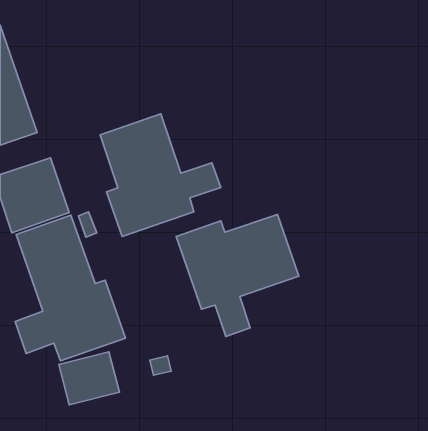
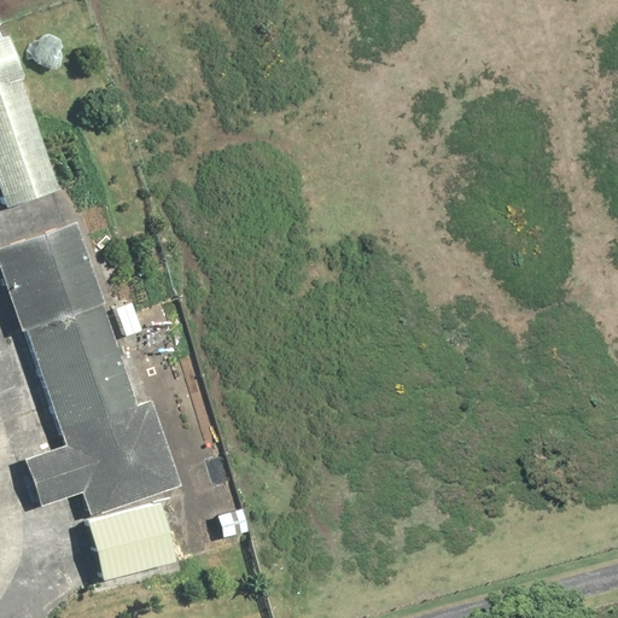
building: [100,114,221,237] -> none
building: [176,215,299,336] -> none

